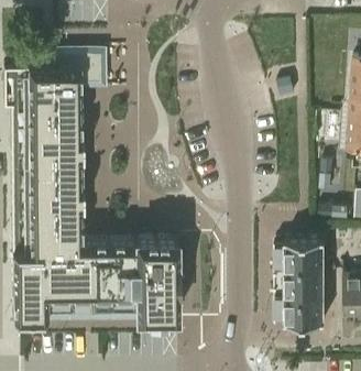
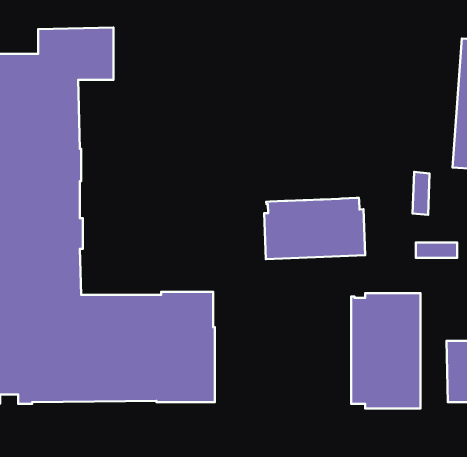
building: none -> [264,198,365,259]

